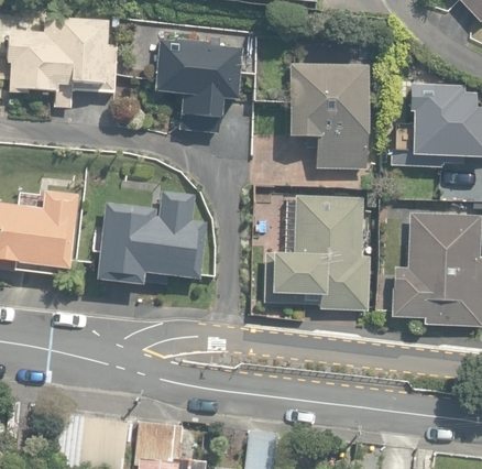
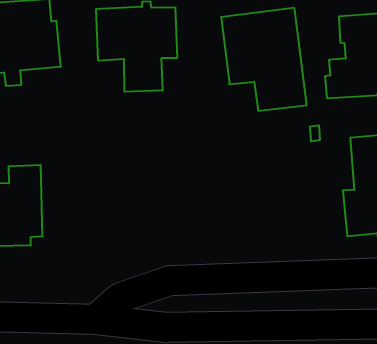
building: [96,192,207,287] -> none
building: [264,196,369,312] -> none

